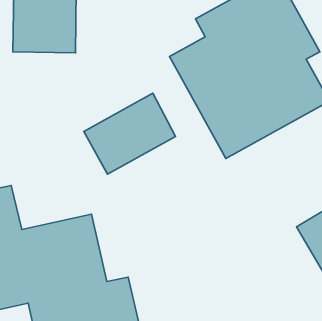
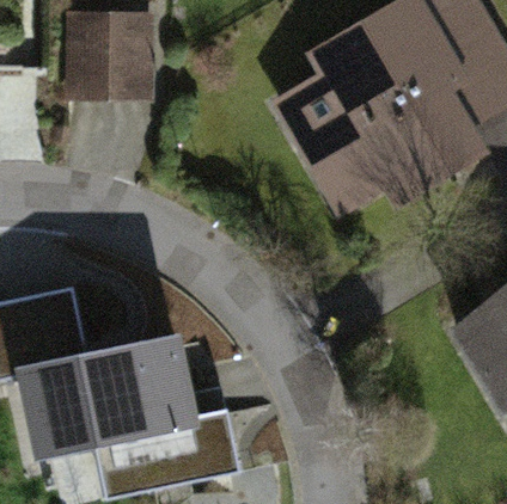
building: [84,93,176,174] -> none

